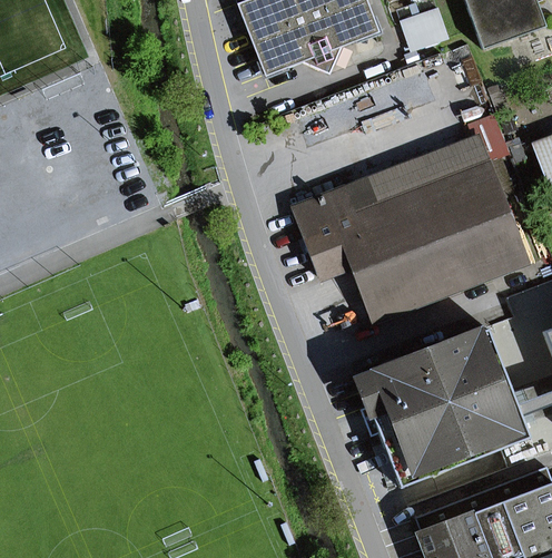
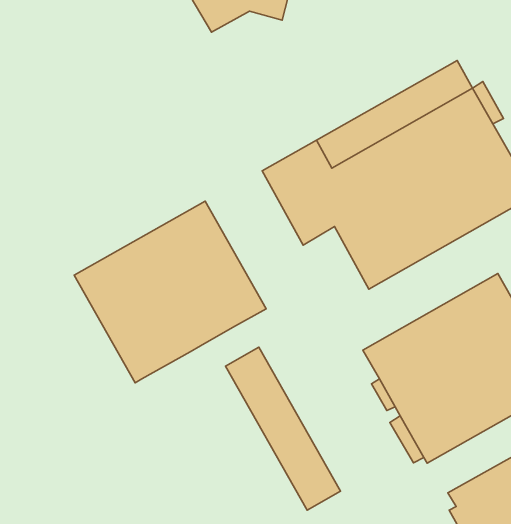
building: none -> [74,201,266,383]
building: none -> [226,347,340,510]

